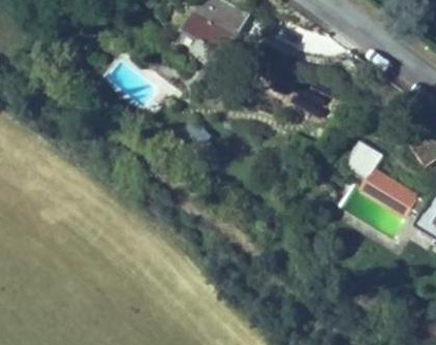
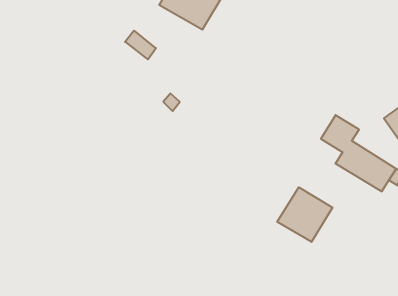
building: none -> [277,187,332,242]

